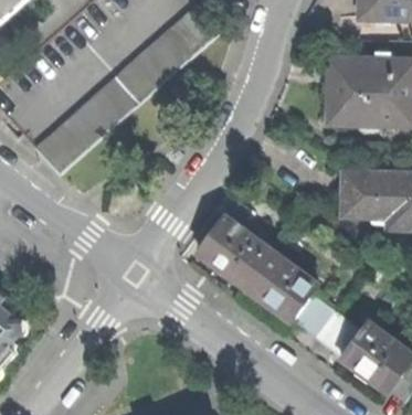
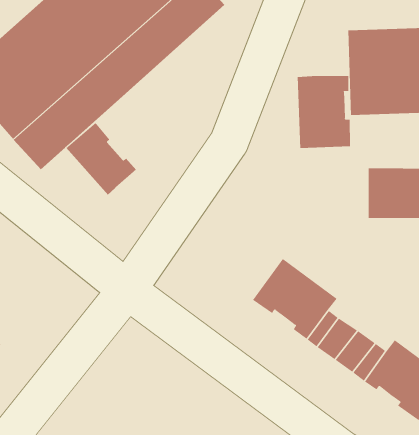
building: none -> [297,75,350,149]
building: none -> [66,122,137,196]
building: [194,217,268,288] -> none

